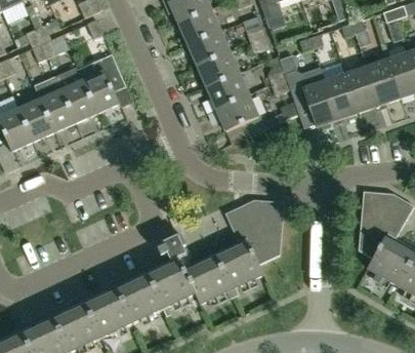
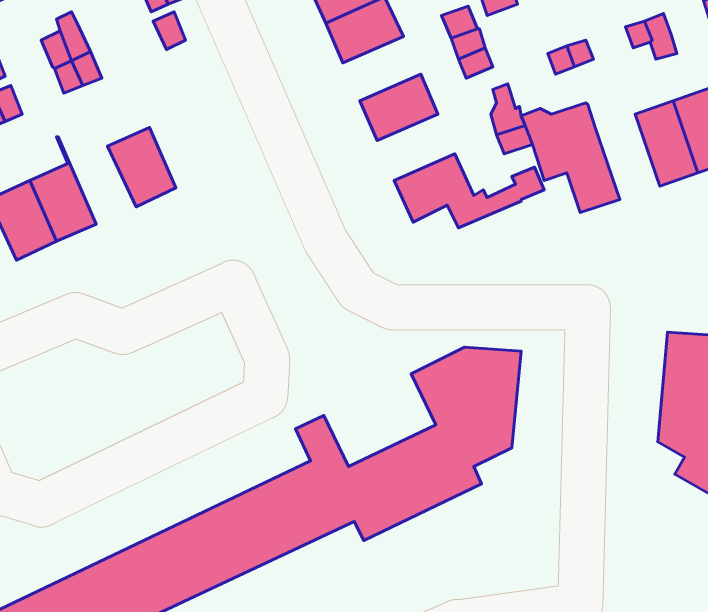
building: [188,31,230,66] -> none
building: [83,53,131,113] -> none
building: [320,62,359,119] -> none
building: [206,73,248,109] -> none
building: [34,76,76,132] -> none

